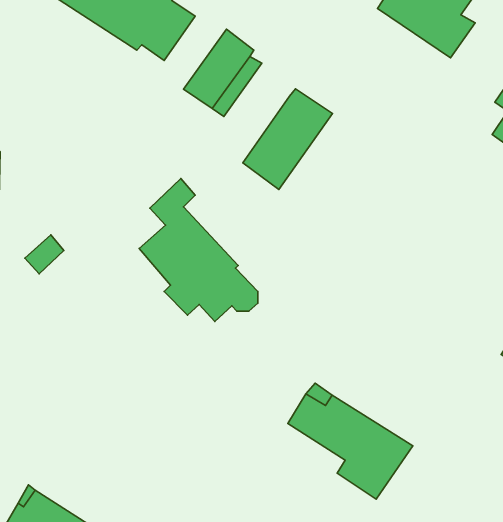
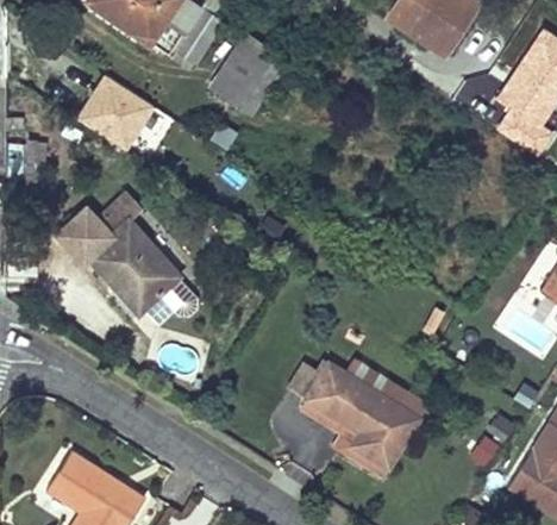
building: none -> [74,73,155,150]
building: [243,89,333,189] -> none
building: [139,178,258,322] -> [88,190,196,321]

